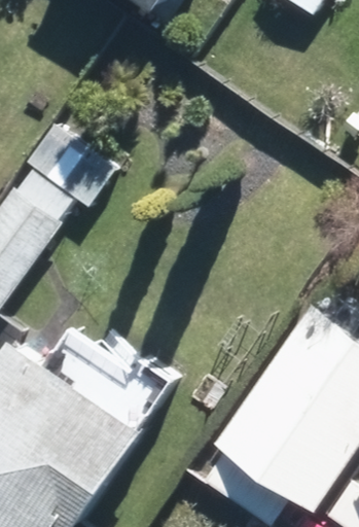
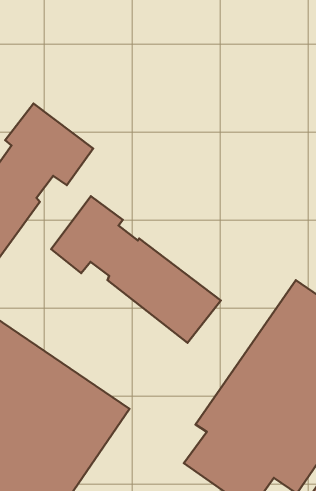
building: none -> [51,196,221,343]

